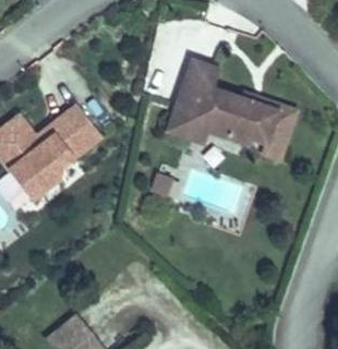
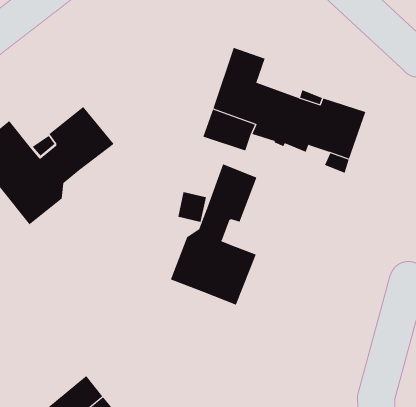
building: none -> [170,164,257,305]

